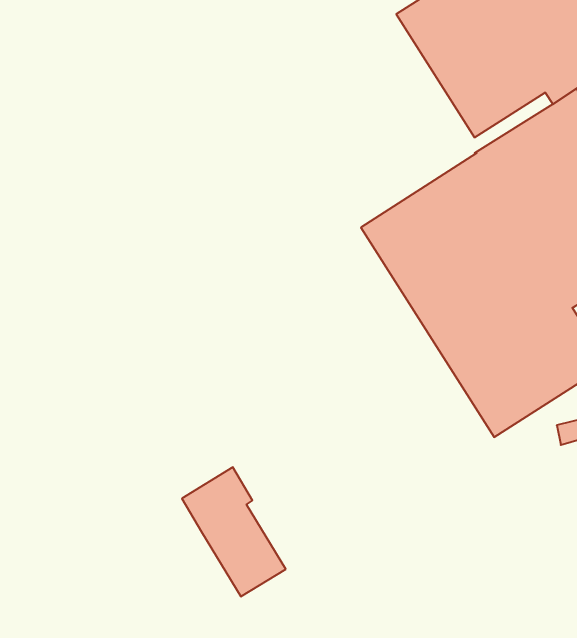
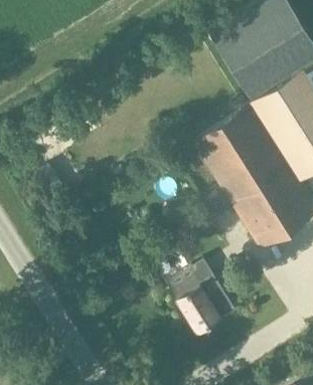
building: [182,467,286,596] -> [169,266,222,333]

